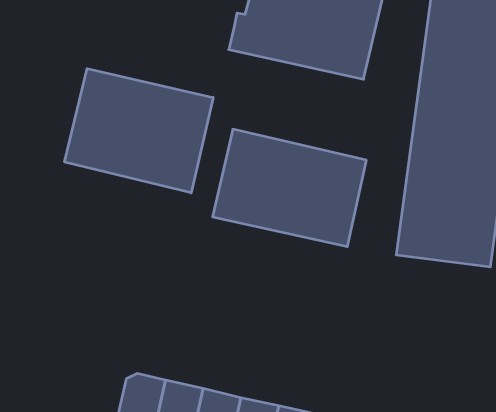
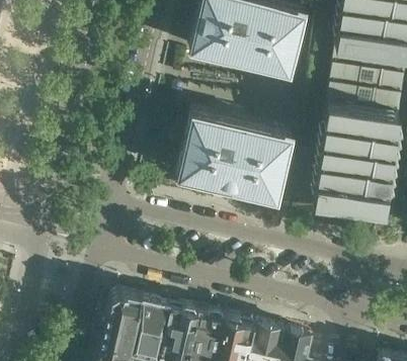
building: [65,69,213,193] -> none

